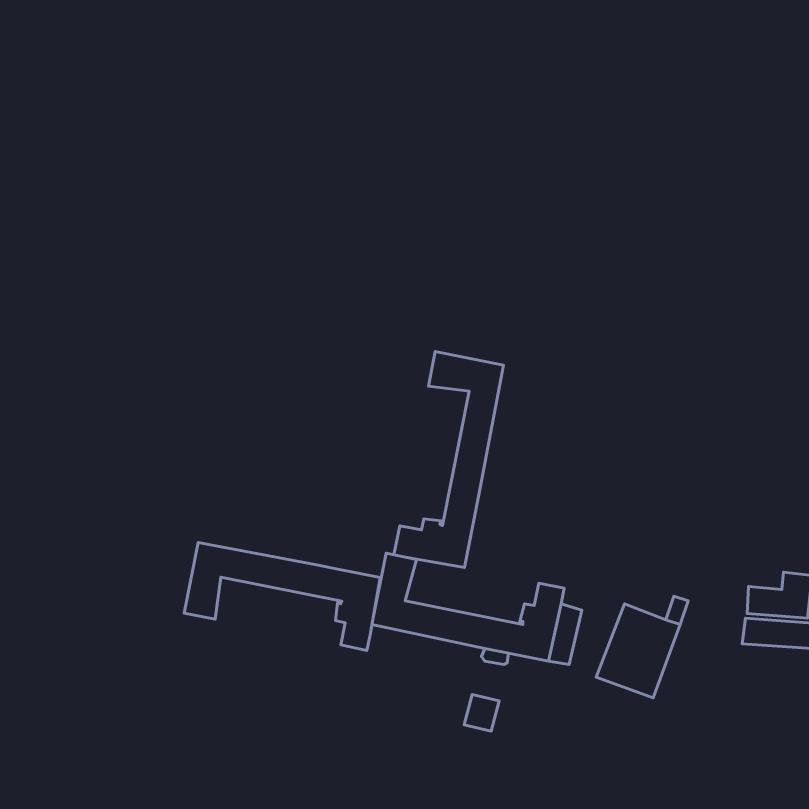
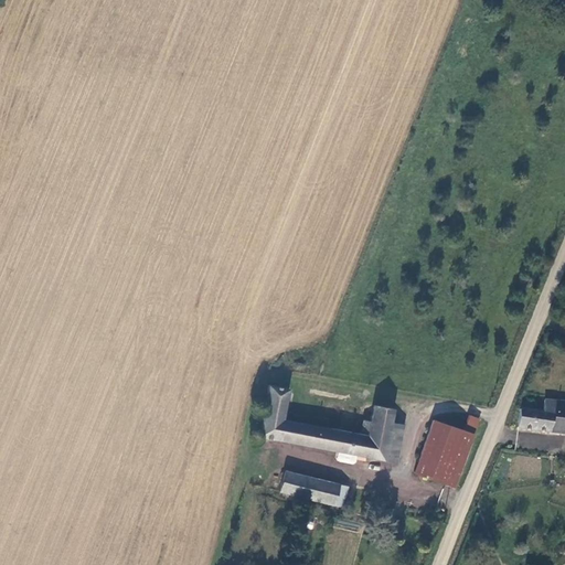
building: [394,352,504,567] -> none
building: [184,542,380,650] -> none
building: none -> [281,471,330,503]

